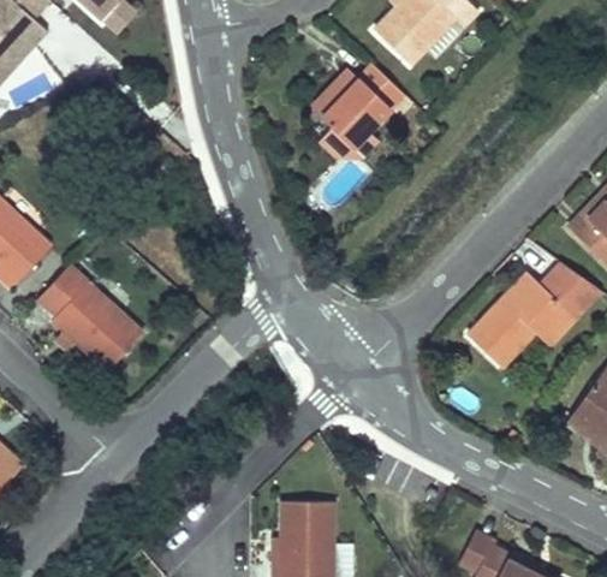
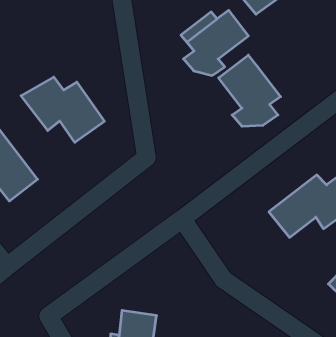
building: none -> [219,55,281,126]
building: none -> [21,77,104,142]

